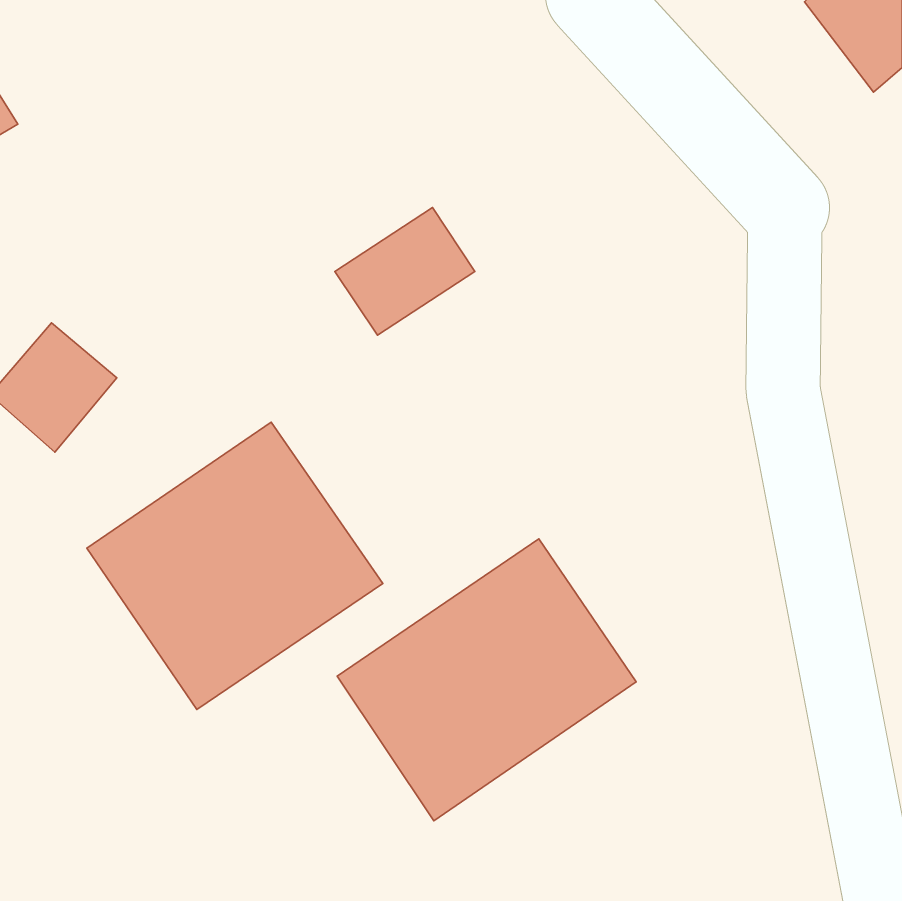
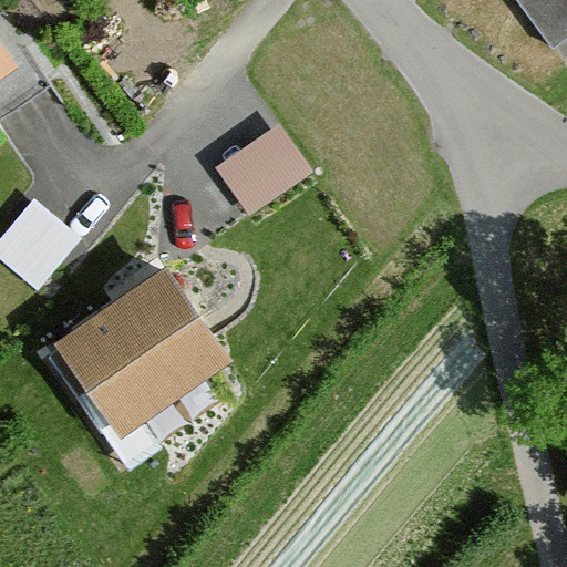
building: [337,539,636,821] -> none

